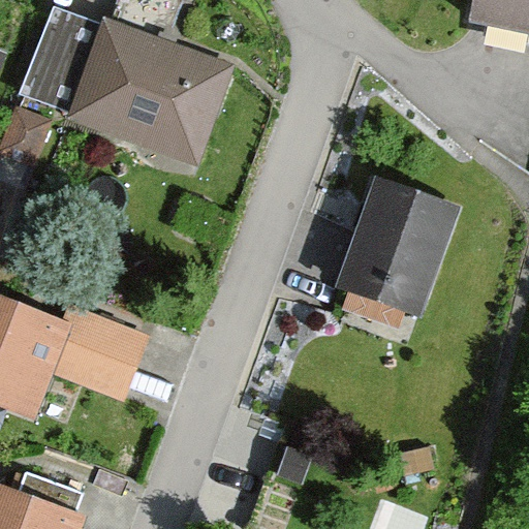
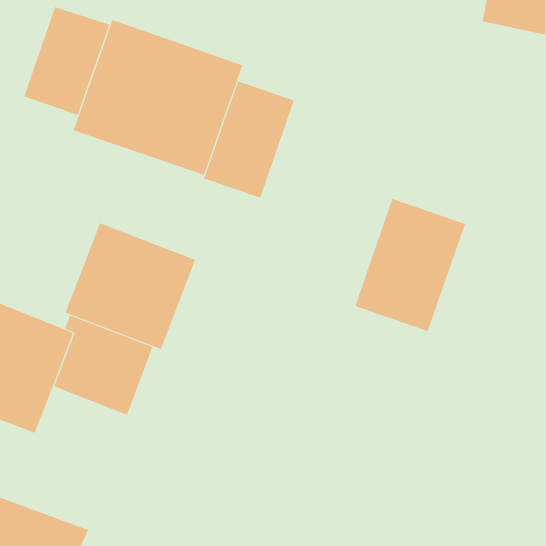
building: none -> [204,80,295,198]
building: none -> [65,223,196,350]

